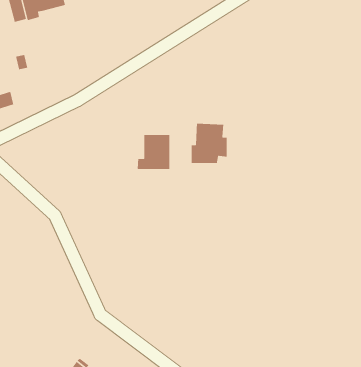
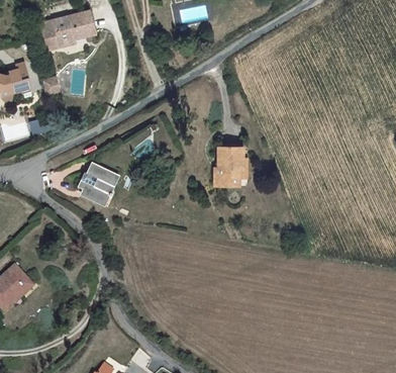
building: [137,134,170,170] -> none
building: none -> [76,163,114,200]

